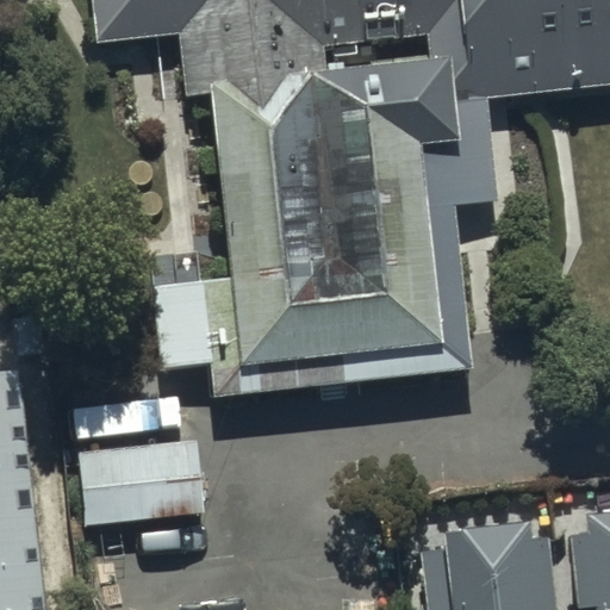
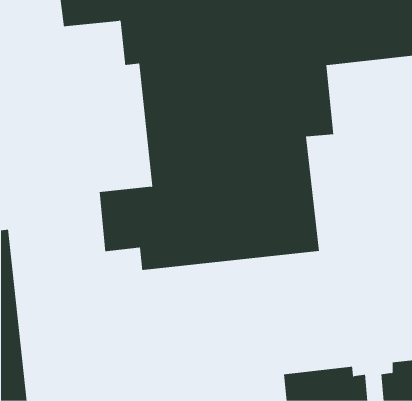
building: [82,436,204,524] -> none

